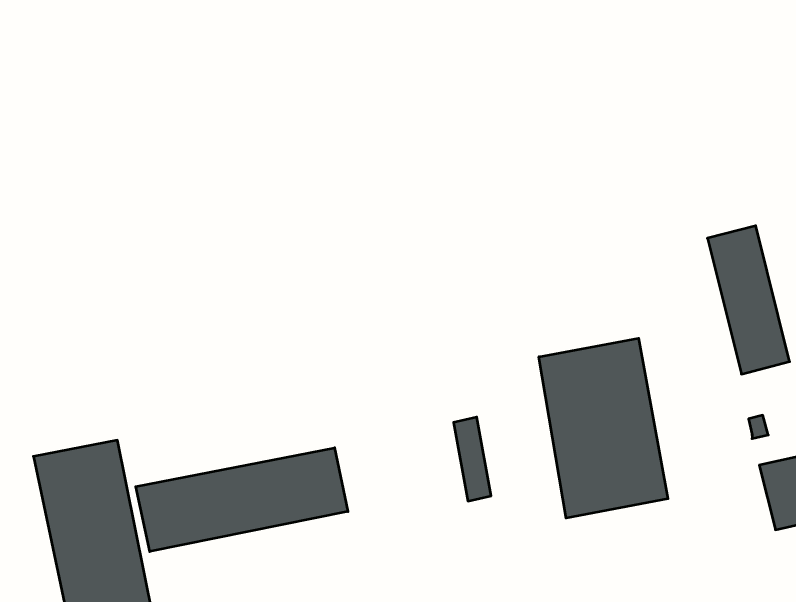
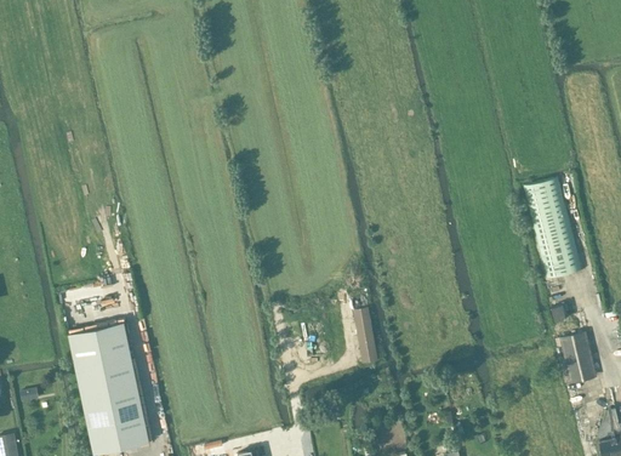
building: [539,338,668,518] -> none
building: [136,448,348,552] -> none

